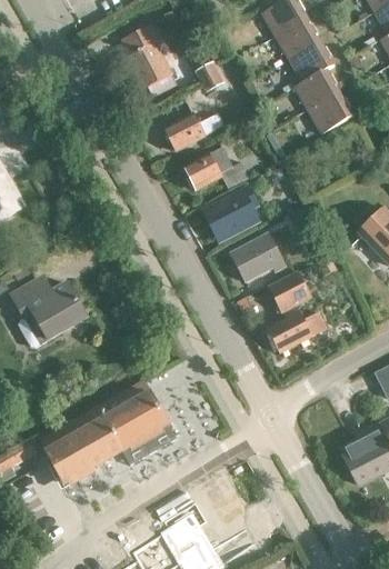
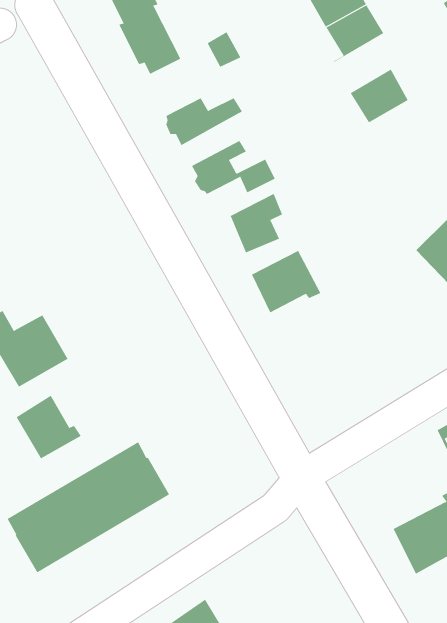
building: [293,63,339,110] -> none
building: [268,273,328,352] -> none
building: none -> [16,395,81,459]

